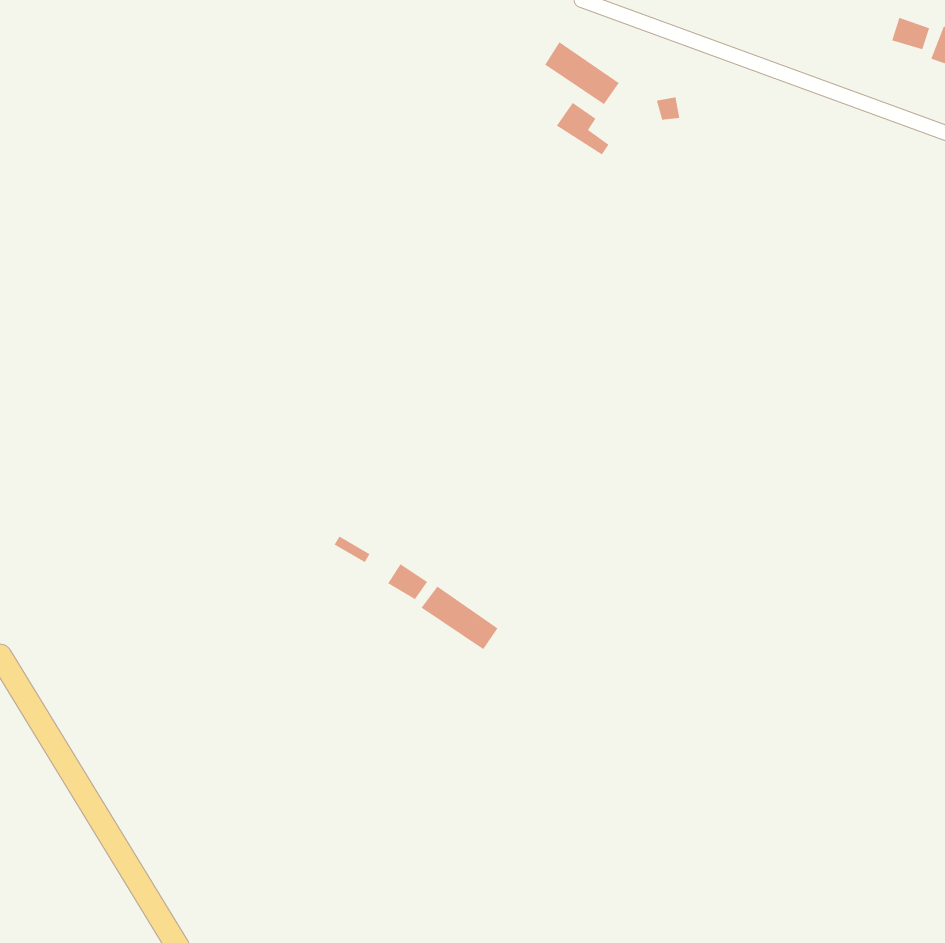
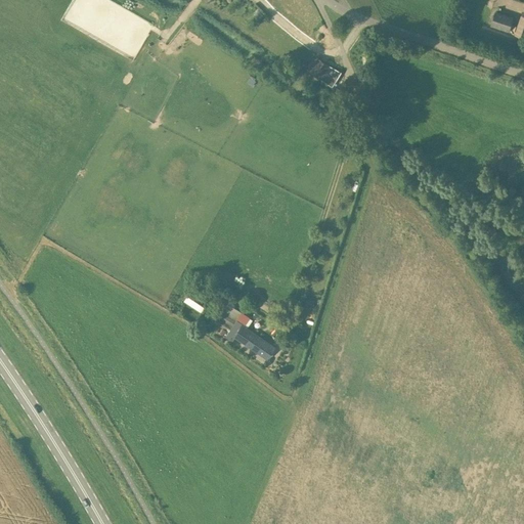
building: [544,41,620,105] -> none

